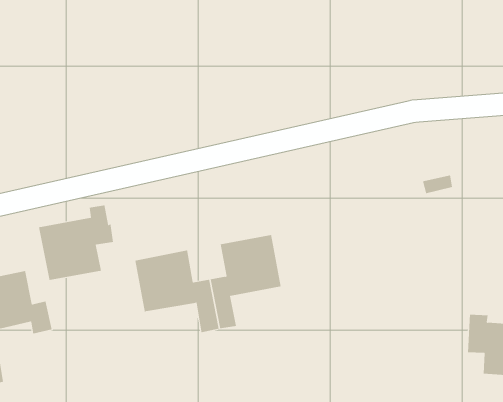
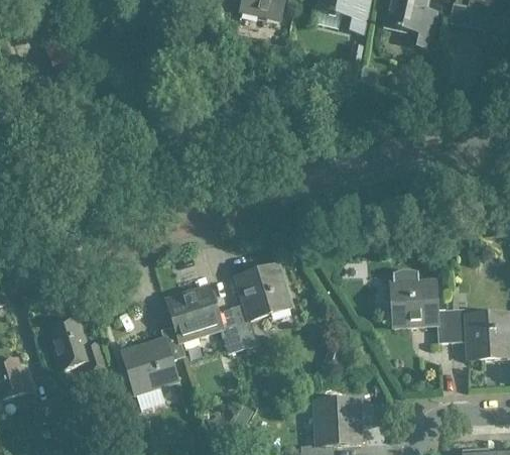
building: [38,205,114,280] -> [121,325,185,393]
building: none -> [391,268,453,343]

